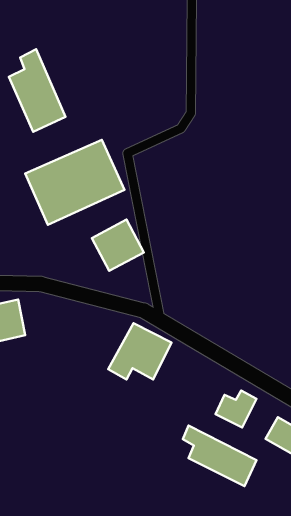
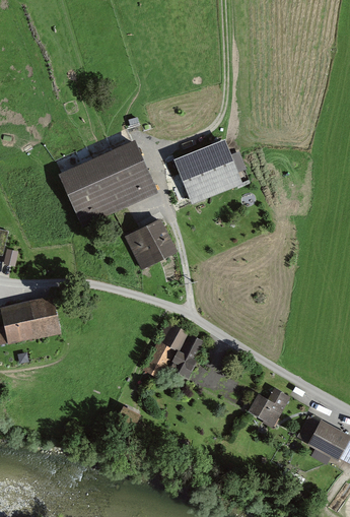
building: [9,49,65,132] -> none
building: none -> [172,136,242,202]
building: [183,426,257,486] -> none

